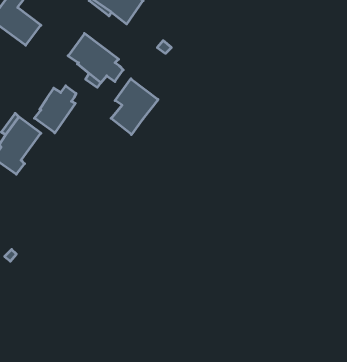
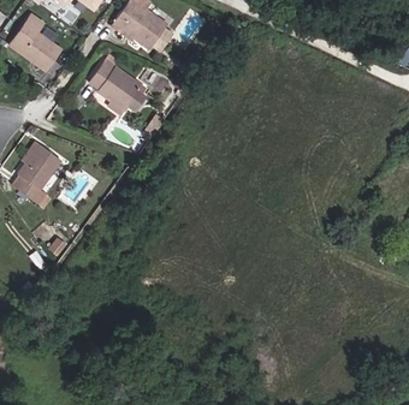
building: [111,79,158,135] -> none
building: [34,86,76,133] -> none

